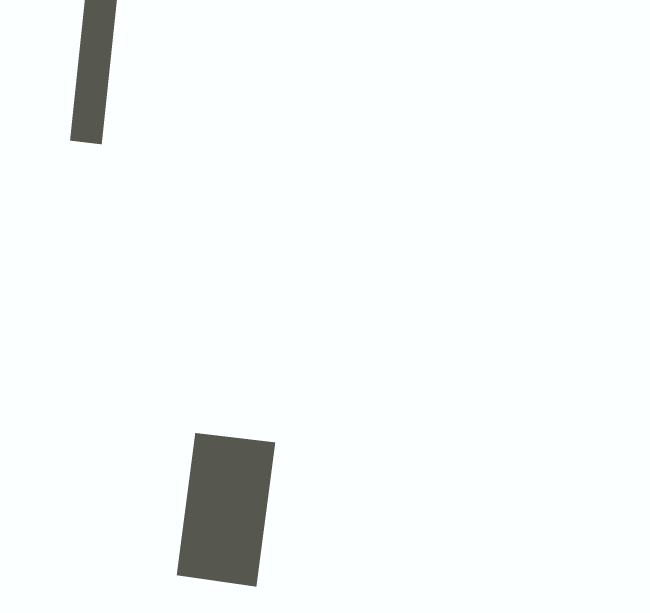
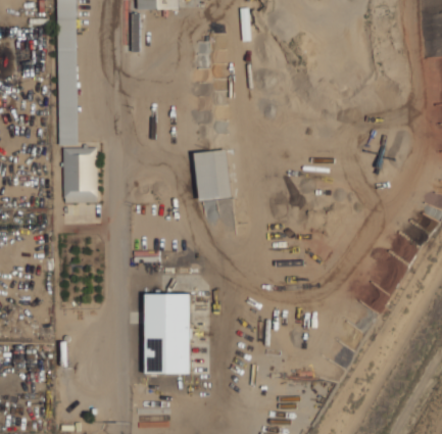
building: none -> [62,147,96,201]
building: none -> [194,149,230,198]

